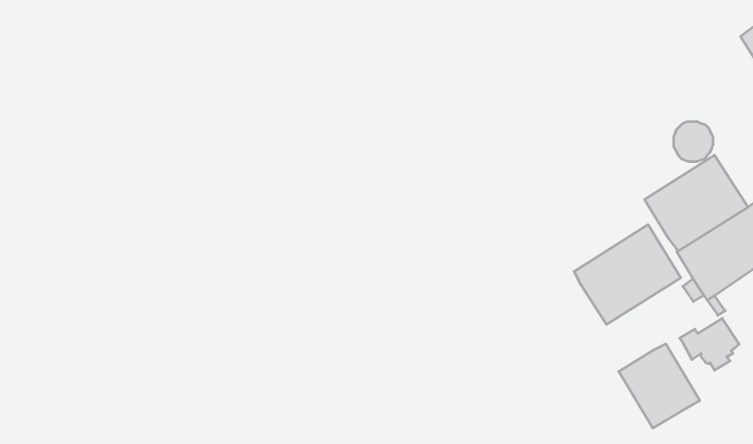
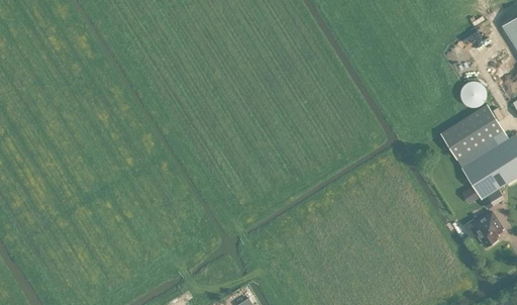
building: [574,225,681,324] -> none
building: [619,344,700,428] -> none

